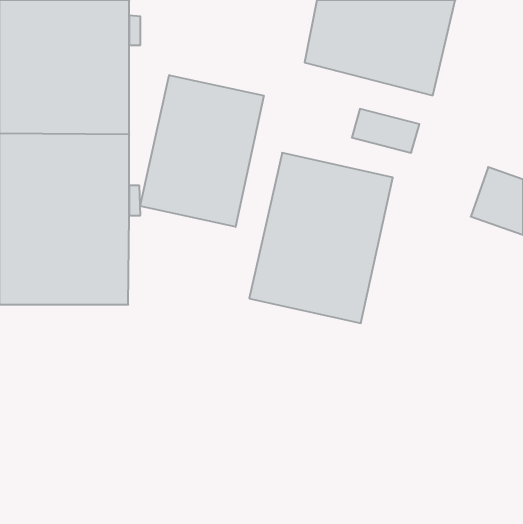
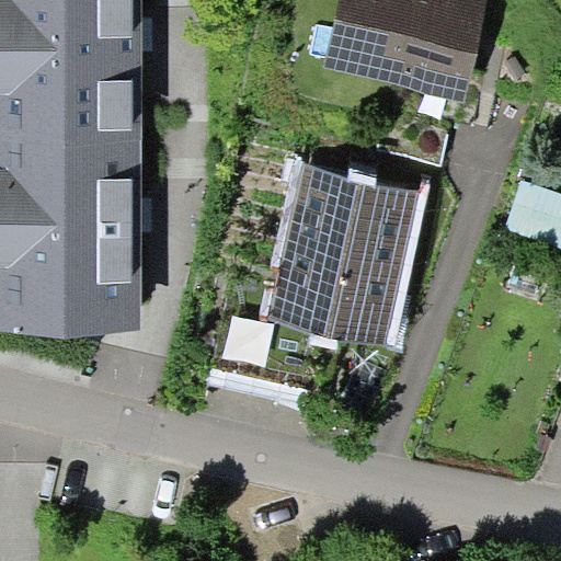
building: [140,75,264,227] -> none

